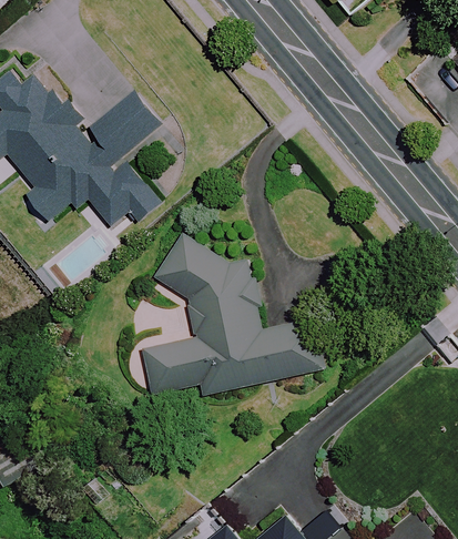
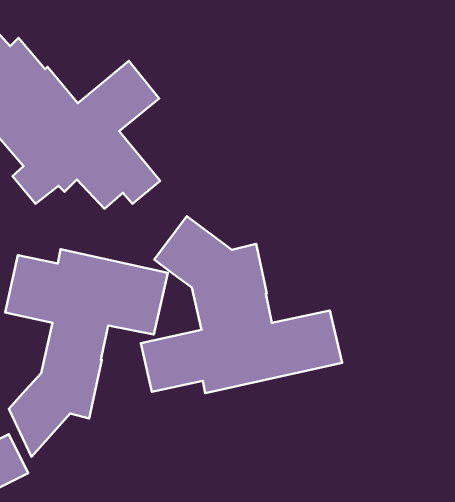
building: none -> [5,249,168,457]

